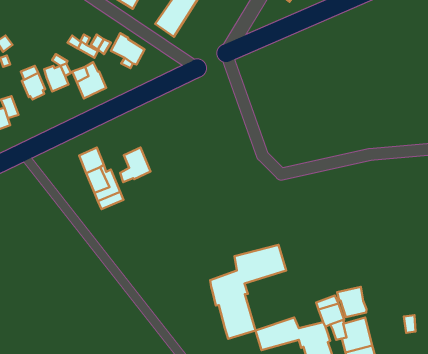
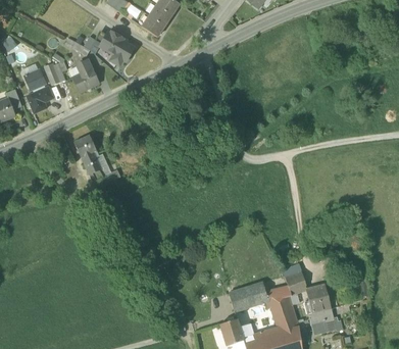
building: none -> [27,85,53,112]
building: [120,147,150,182] -> none
building: [210,245,286,339] -> none
building: [337,287,366,317] -> none

